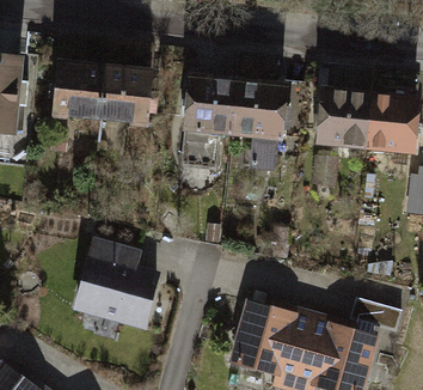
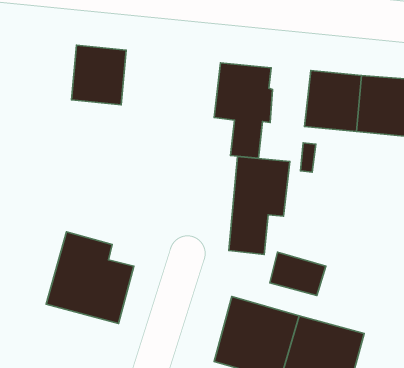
building: [54,60,104,115] -> none
building: [182,75,239,167] -> [229,157,290,254]
building: [351,298,404,339] -> [270,252,326,295]

